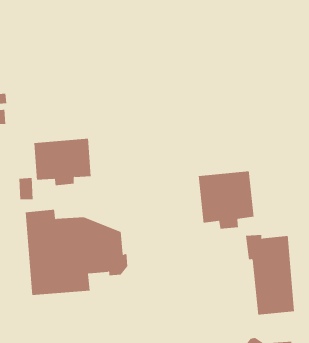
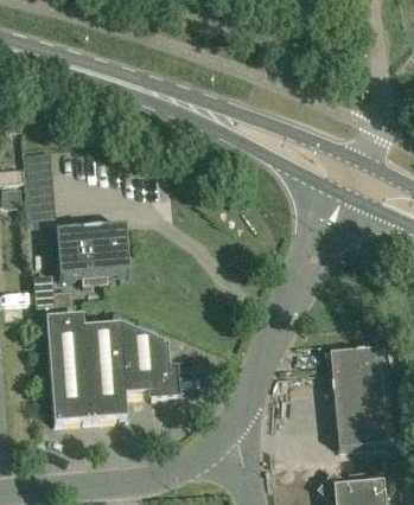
building: none -> [27,148,55,205]
building: [198,171,254,230] -> none

